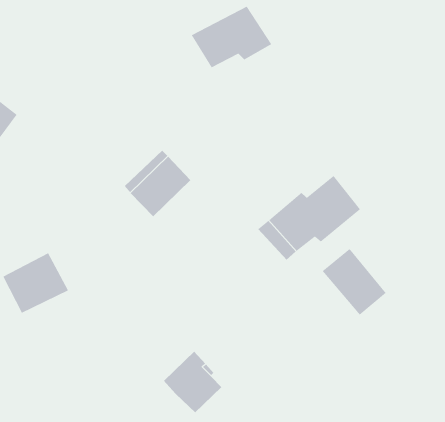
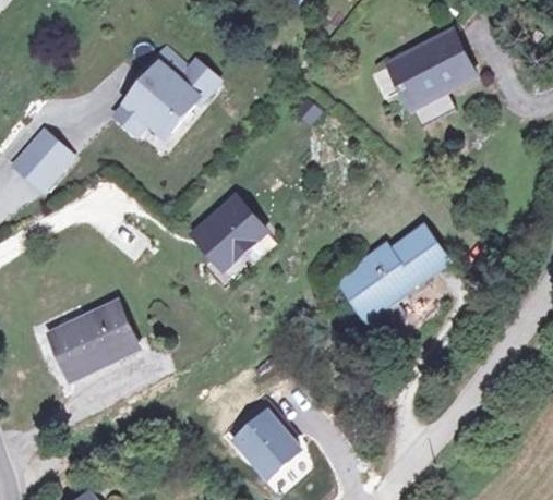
building: [191,6,272,68] -> [388,39,477,107]
building: none -> [123,52,221,136]
building: [322,248,386,315] -> none

